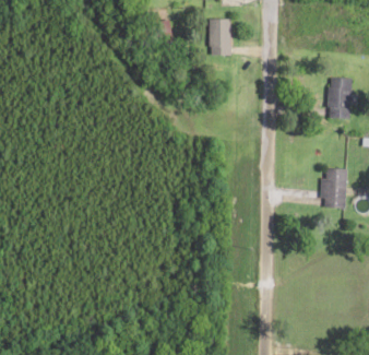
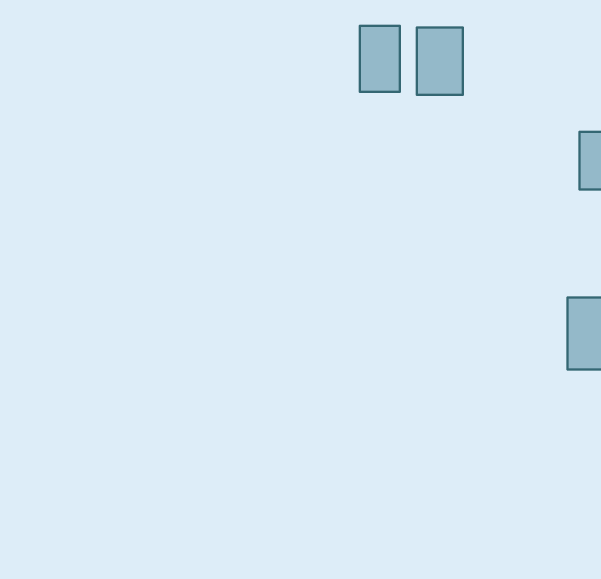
building: none -> [417,28,463,95]

